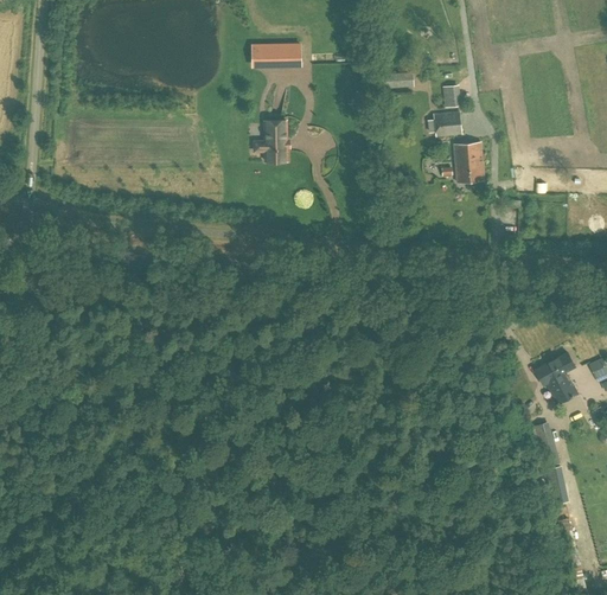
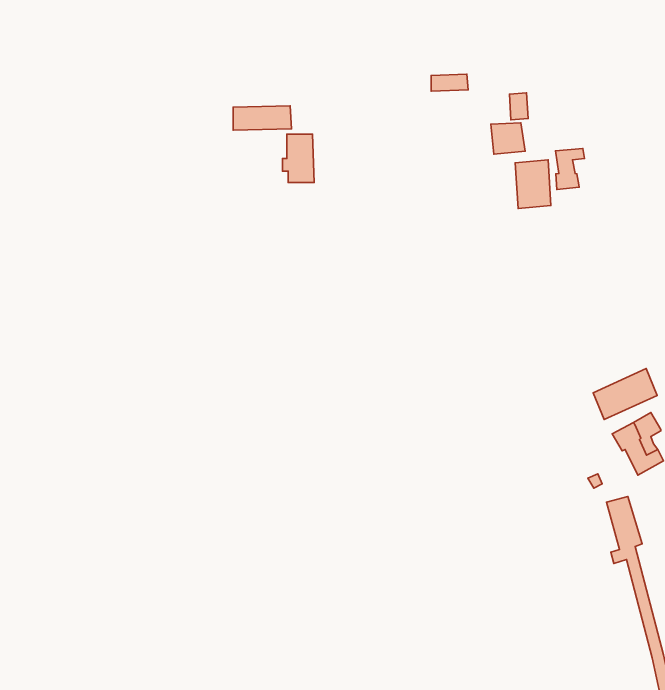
building: [251,44,300,64] -> [233,106,292,130]
building: none -> [556,148,584,189]
building: none -> [593,369,657,420]

